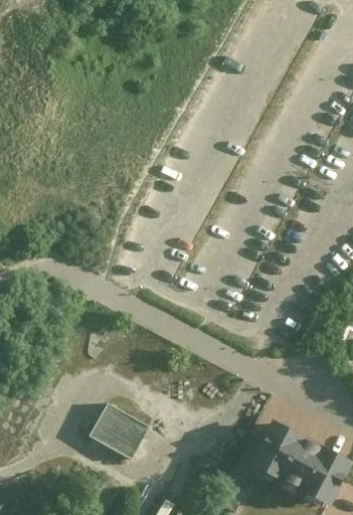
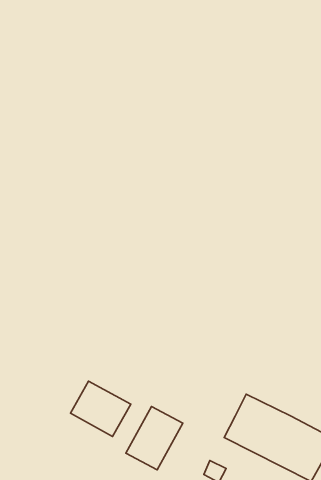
building: none -> [126,406,183,470]

